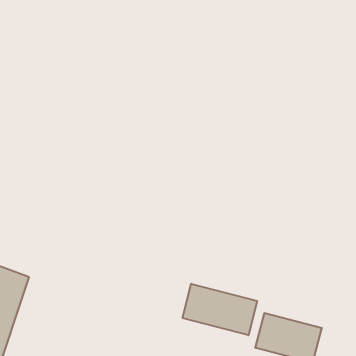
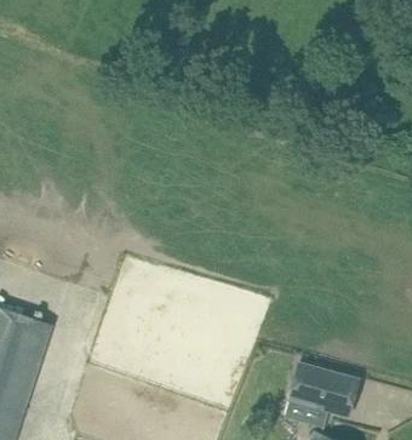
building: [183,284,257,335] -> none

